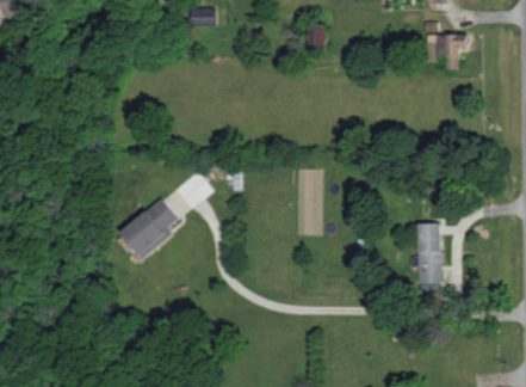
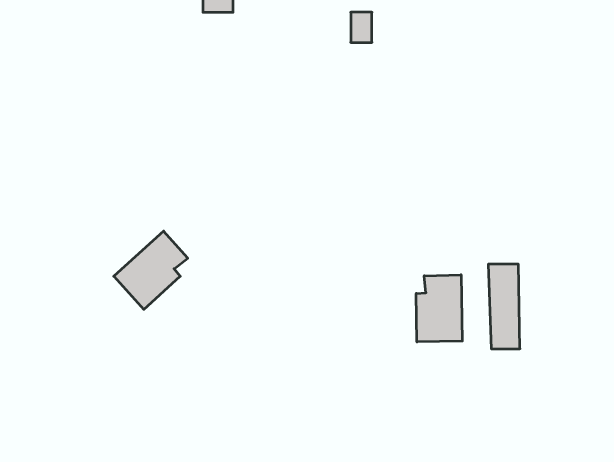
building: [444,35,466,70] -> none
building: none -> [416,275,462,342]

